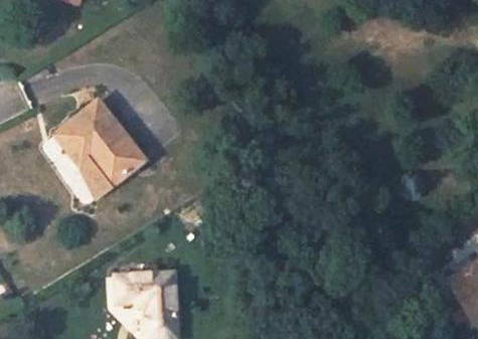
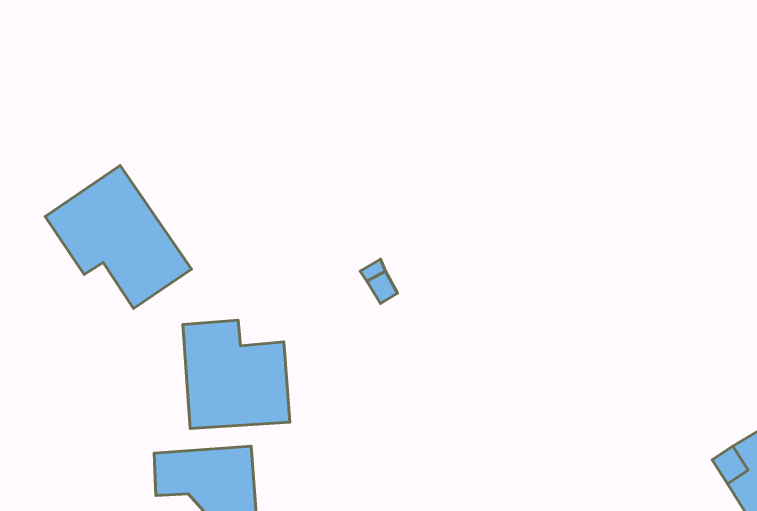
building: none -> [183,320,290,428]

